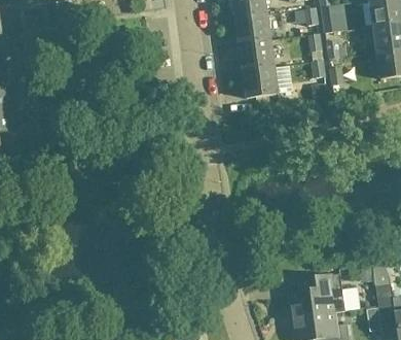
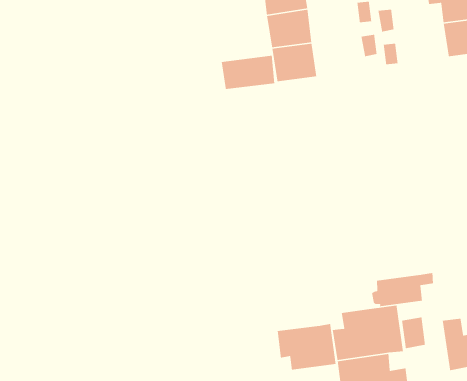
building: none -> [221,55,275,90]
building: none -> [371,272,434,307]
building: none -> [277,323,337,371]

